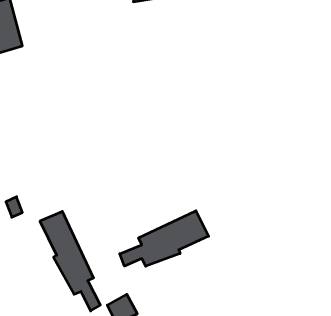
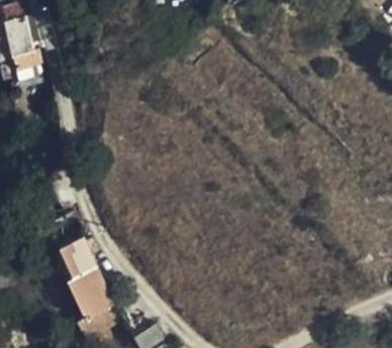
building: [120,211,209,266] -> none

